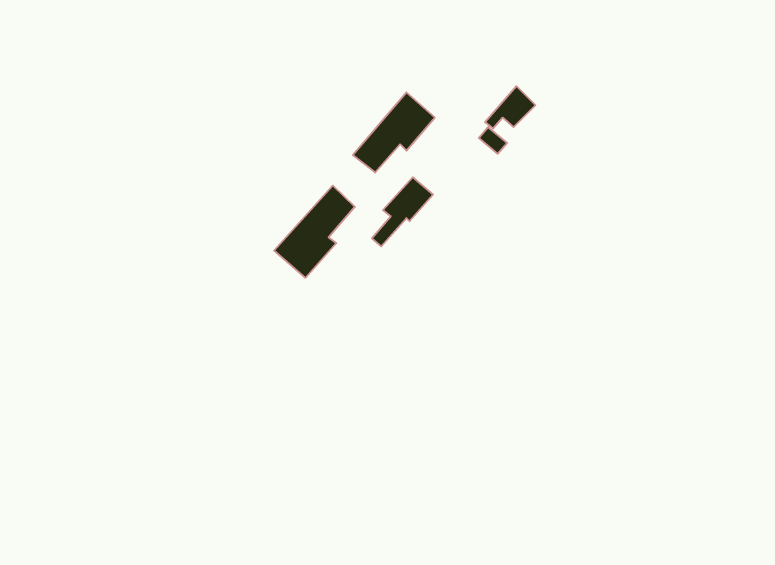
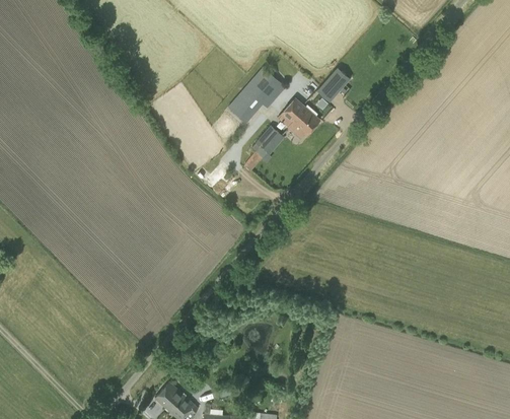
building: none -> [278,97,320,134]
building: [274,186,355,278] -> none

